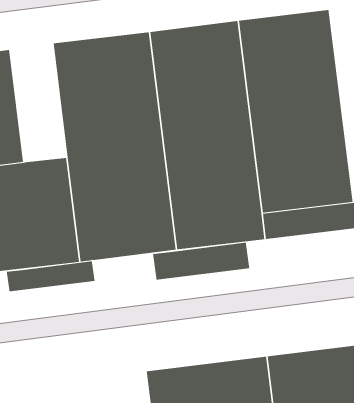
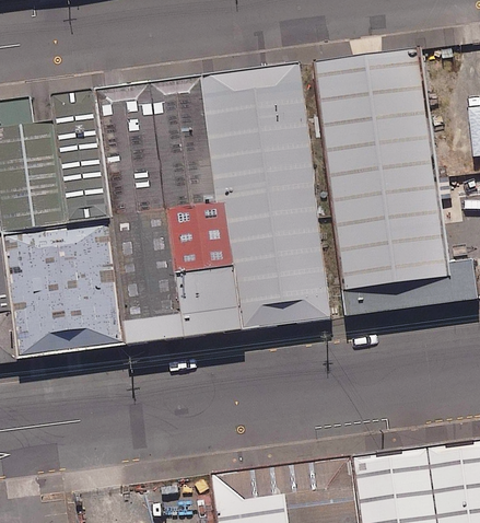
building: none -> [51,88,107,222]
building: [153,242,250,280] -> none
building: [6,260,95,292] -> none

